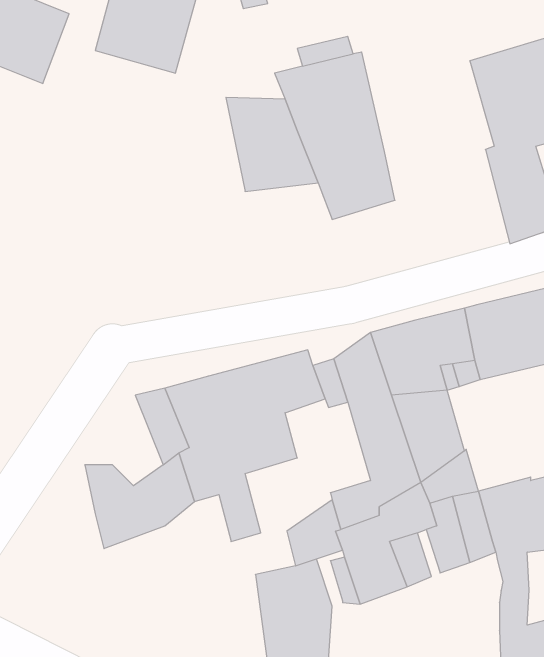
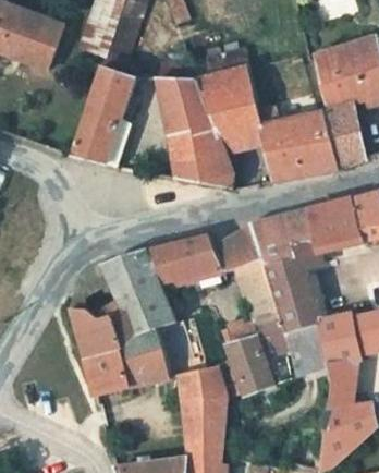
building: none -> [68,66,146,166]
building: none -> [258,107,337,181]
building: none -> [171,131,232,189]
building: none -> [83,326,168,398]

